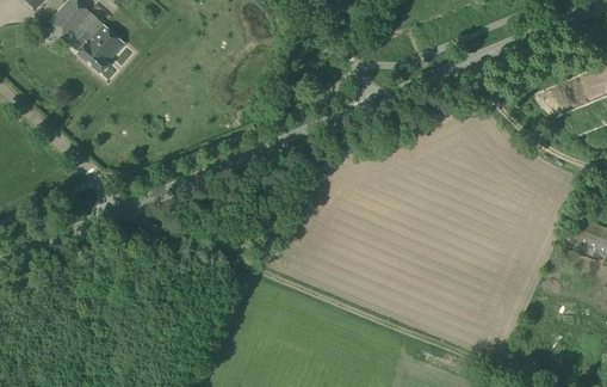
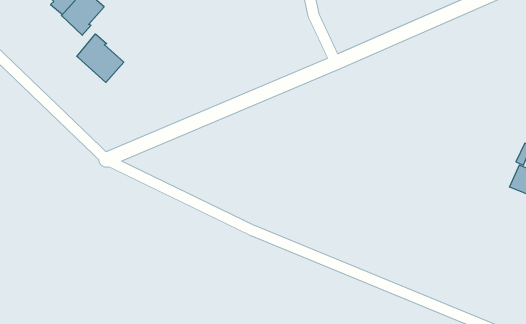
building: none -> [77,34,124,82]

